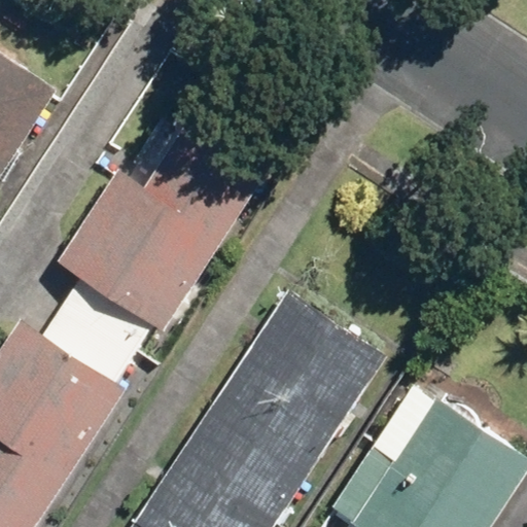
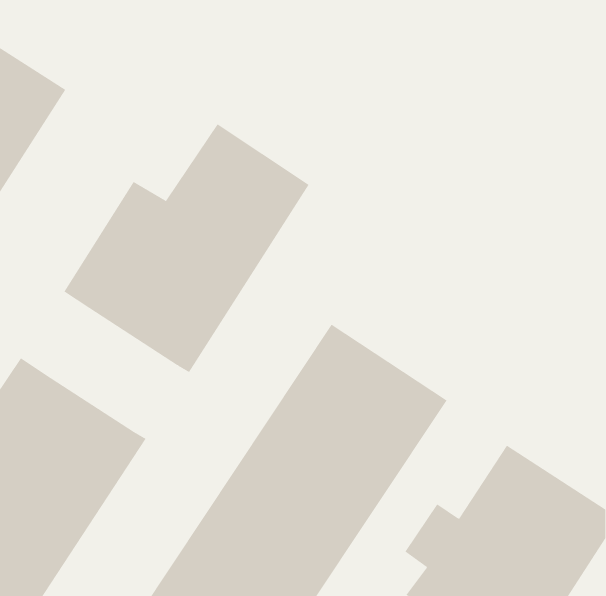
building: [39,279,152,385] -> none

